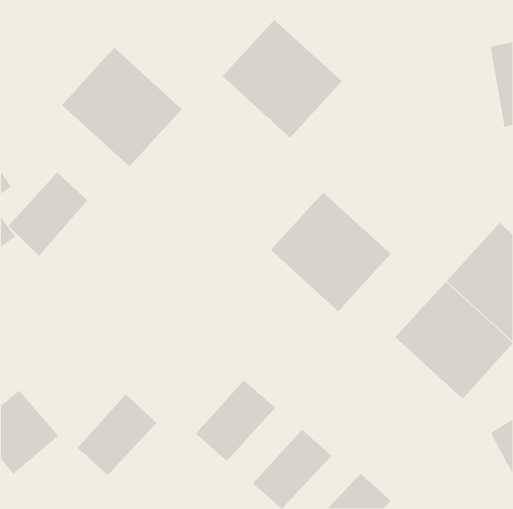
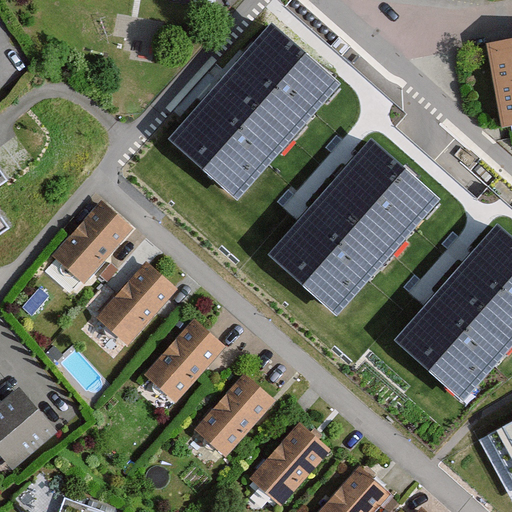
building: [61,47,183,167] -> [168,76,289,196]
building: none -> [322,134,442,253]
building: [8,172,88,257] -> [52,205,132,290]
building: none -> [95,267,176,349]
building: [77,394,157,476] -> [143,321,223,403]

